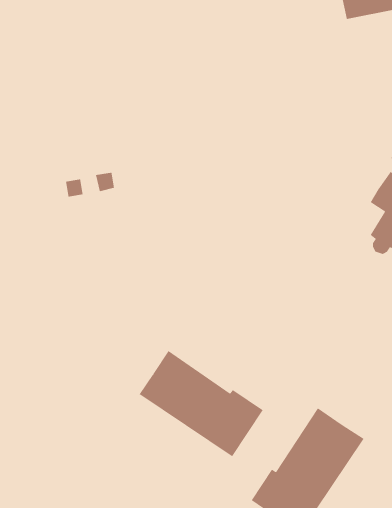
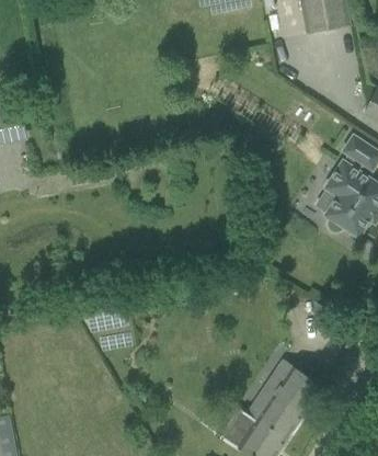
building: [139,350,263,457] -> none

